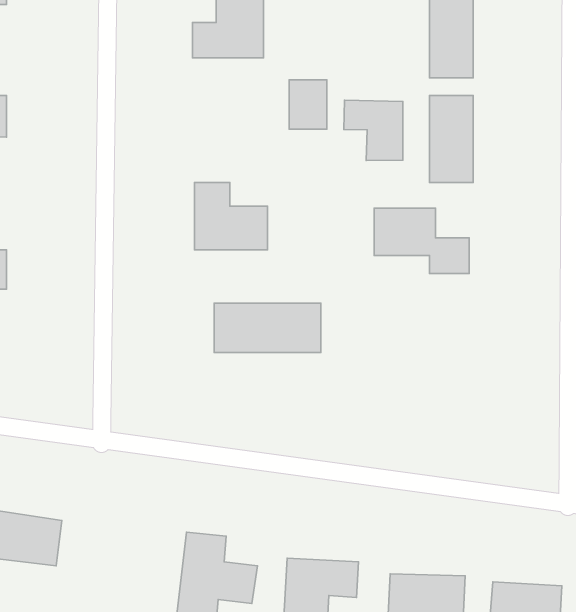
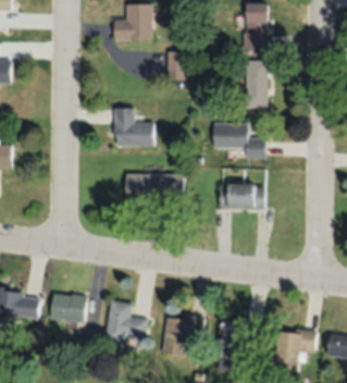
building: [344,100,403,161] -> none
building: none -> [219,184,264,209]
building: none -> [49,292,88,323]

